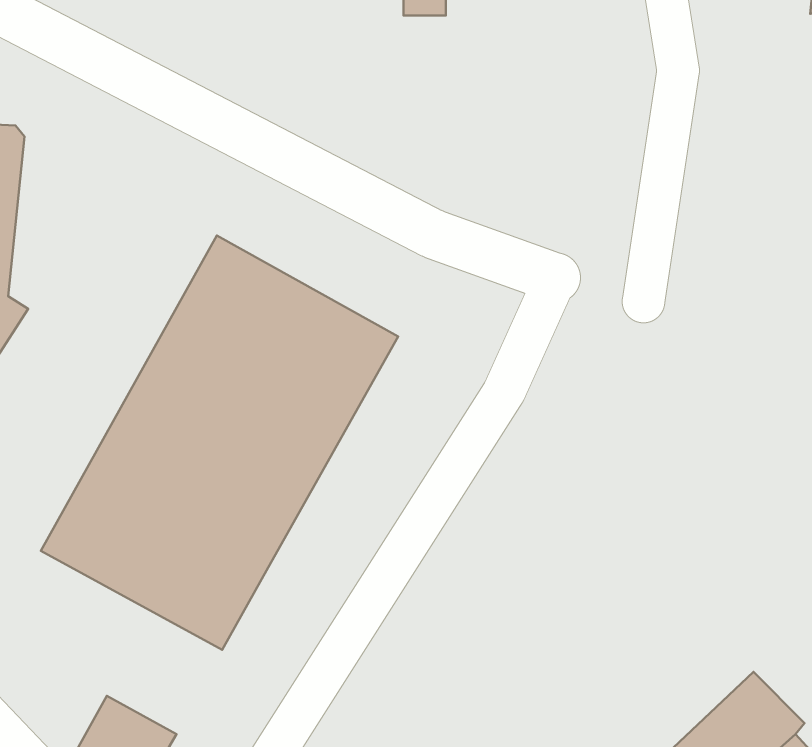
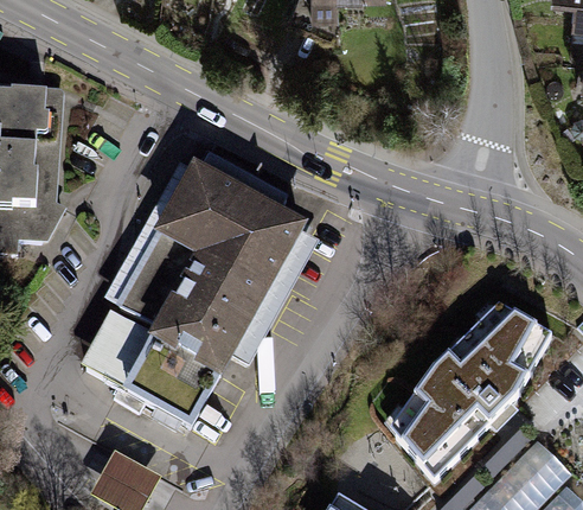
building: none -> [387,302,549,478]

